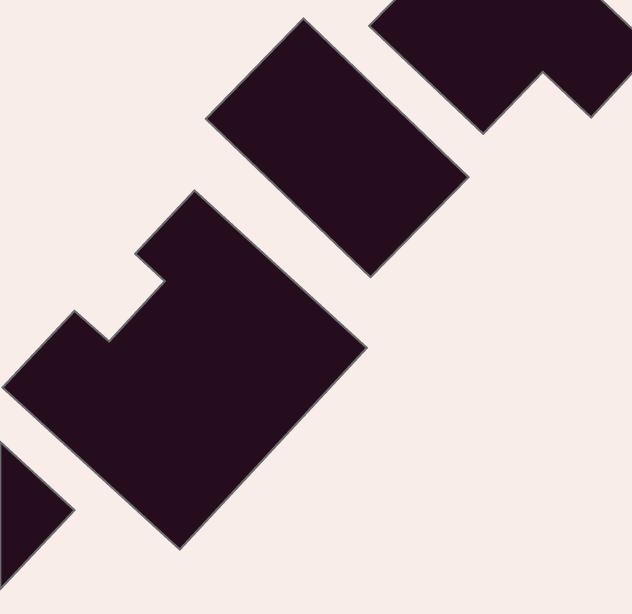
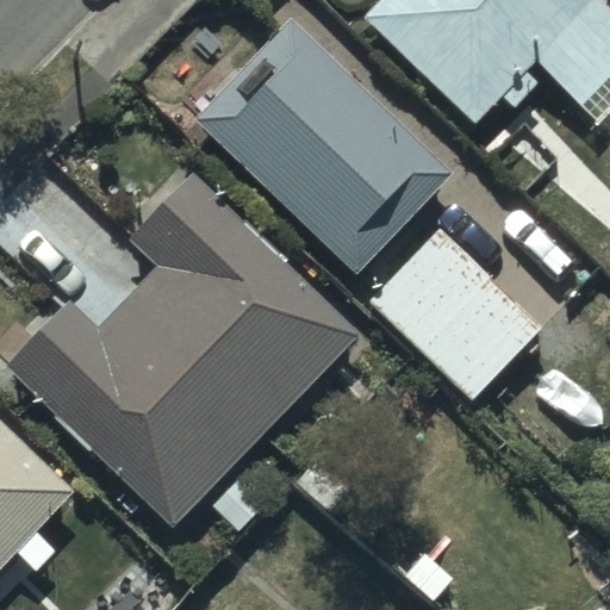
building: none -> [378,220,548,390]

